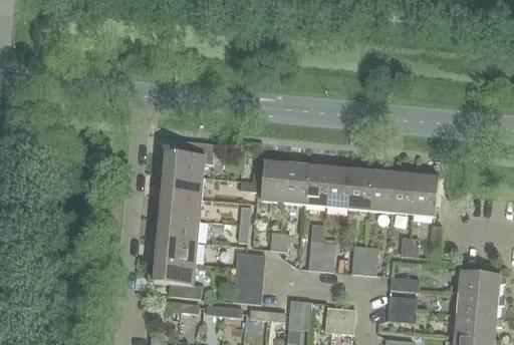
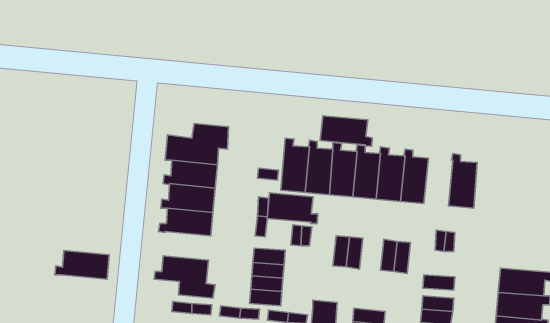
building: none -> [320,116,372,146]
building: [391,165,417,215] -> none
building: none -> [267,193,318,224]
building: [149,238,198,264] -> [55,250,109,279]

